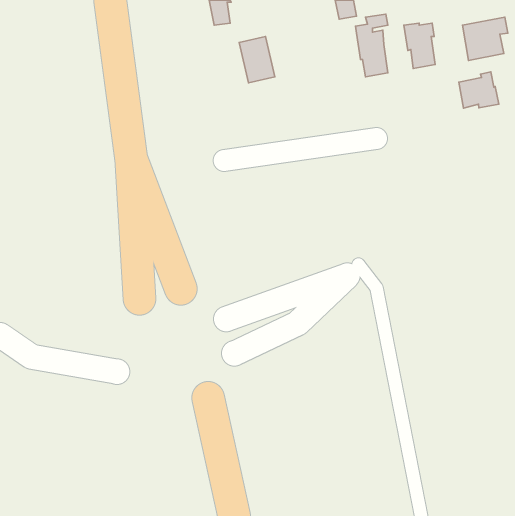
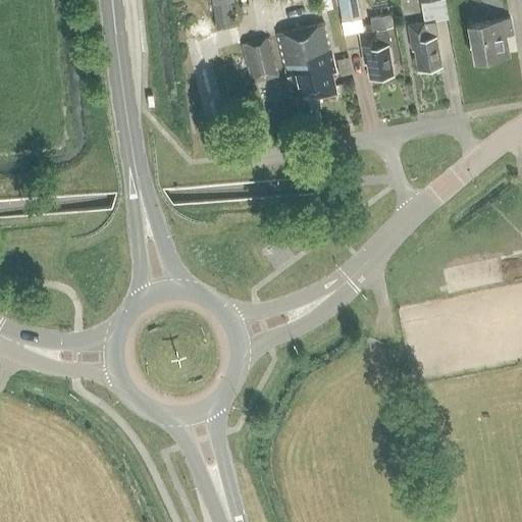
building: none -> [276,22,336,110]
building: [459,72,499,108] -> none

